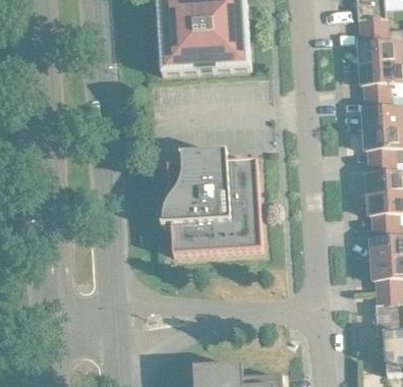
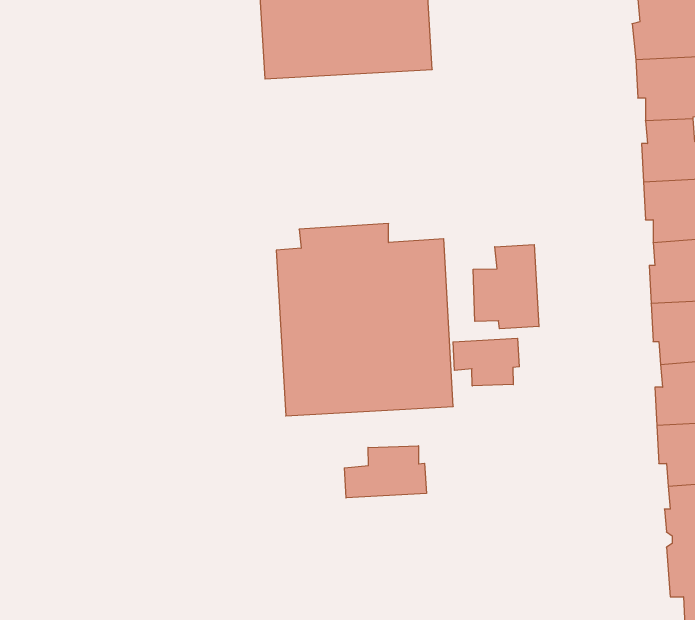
building: none -> [473,245,539,329]
building: none -> [453,338,519,386]
building: none -> [344,446,426,498]

